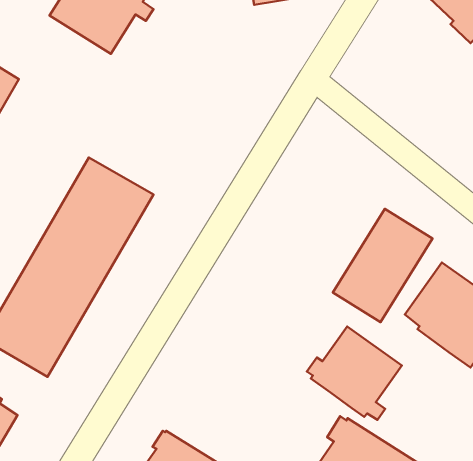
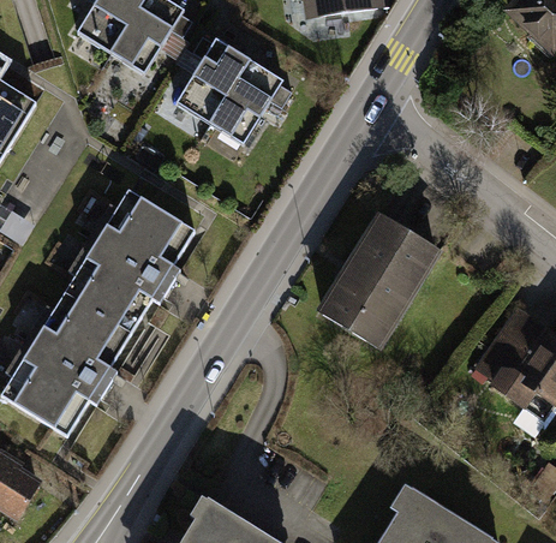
building: none -> [174,35,293,143]
building: [333,209,433,322] -> [324,220,437,348]
building: [307,327,402,420] -> none

